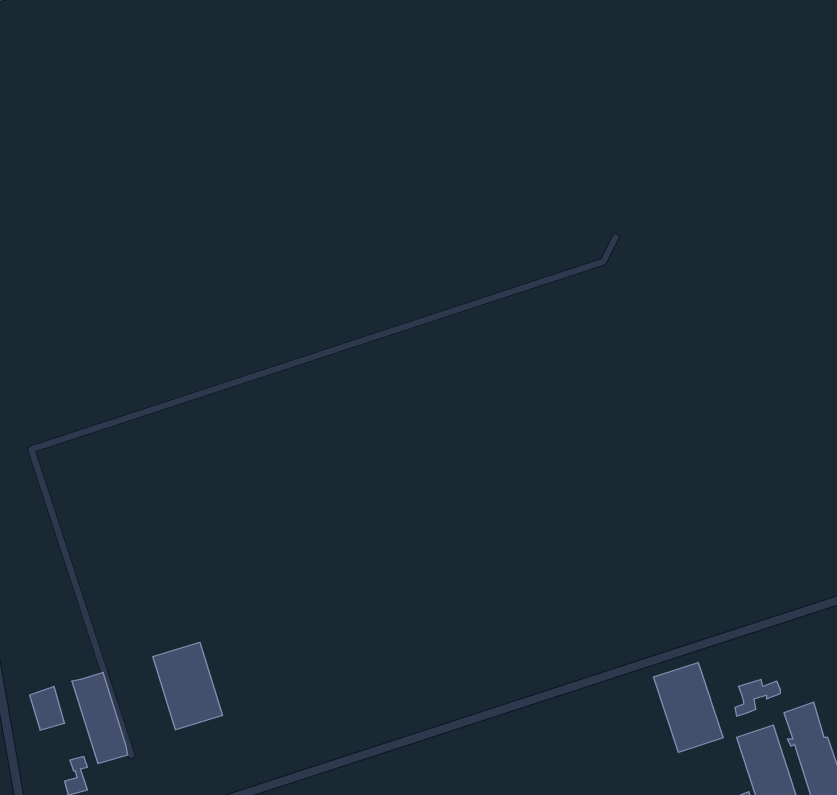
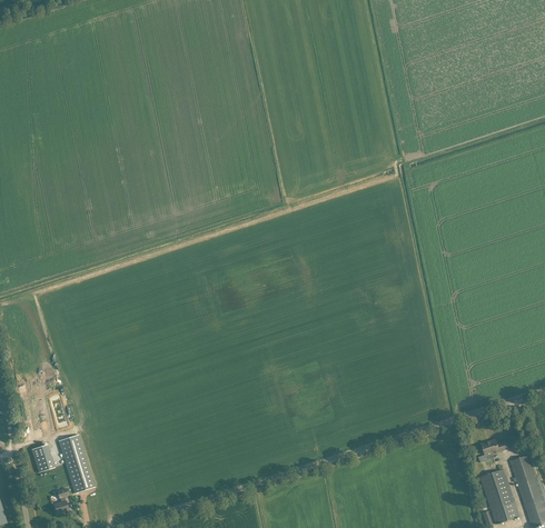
building: [153,642,223,730] -> none
building: [654,662,723,752] -> none

